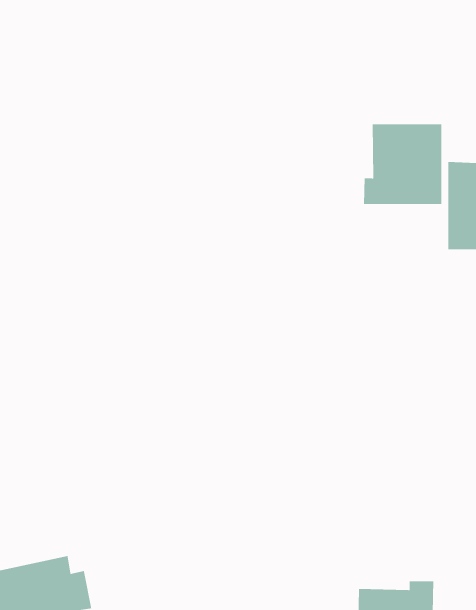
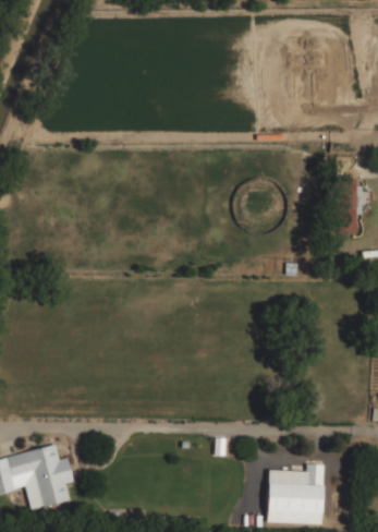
building: [363,124,442,205] -> none

